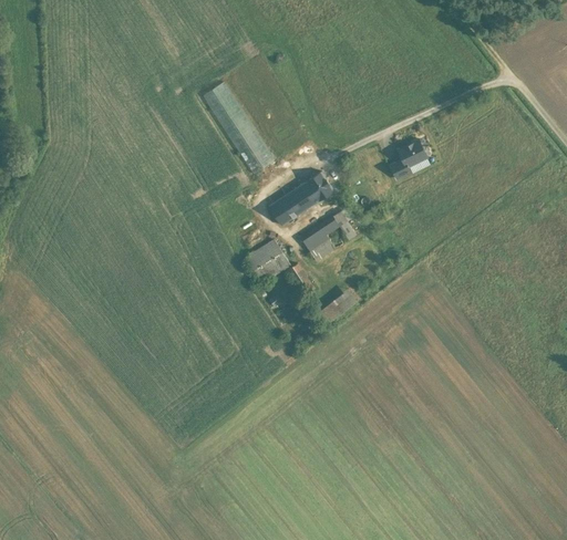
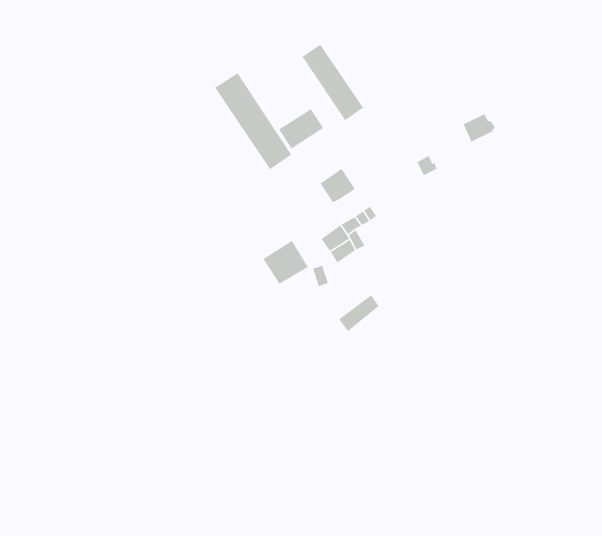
building: none -> [301,44,364,121]
building: [399,139,430,167] -> [462,113,496,143]
building: [269,186,312,225] -> [278,108,324,149]

